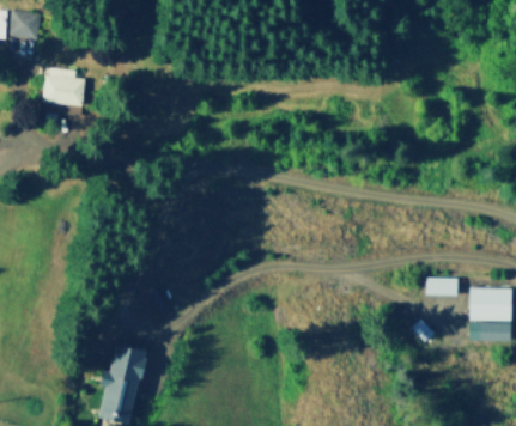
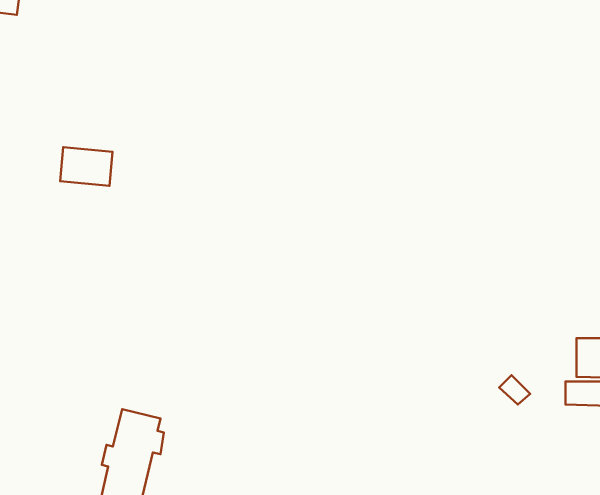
building: [43,77,84,106] -> [60,147,113,186]
building: [425,278,456,297] -> none

